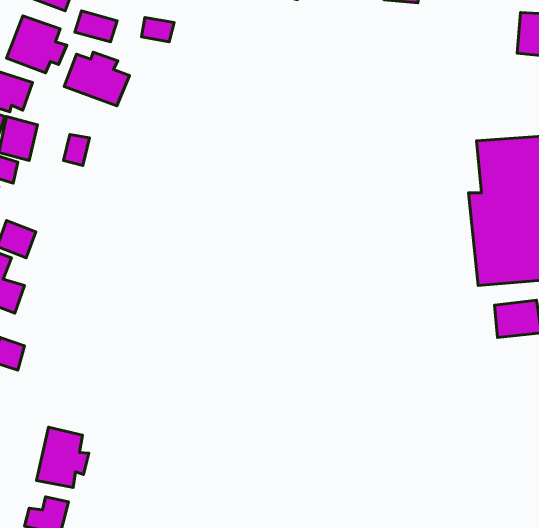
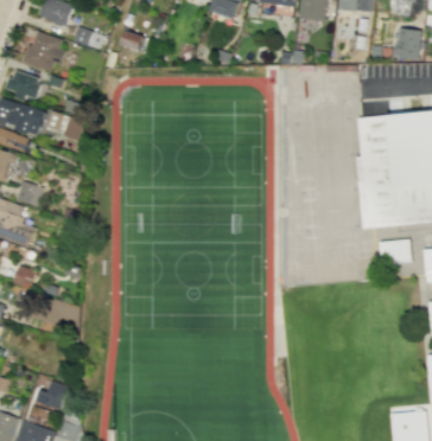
building: [64,52,130,106] -> none
building: [36,427,89,488] -> none

